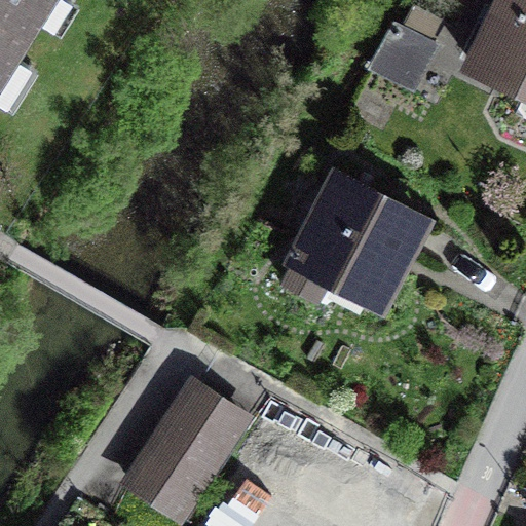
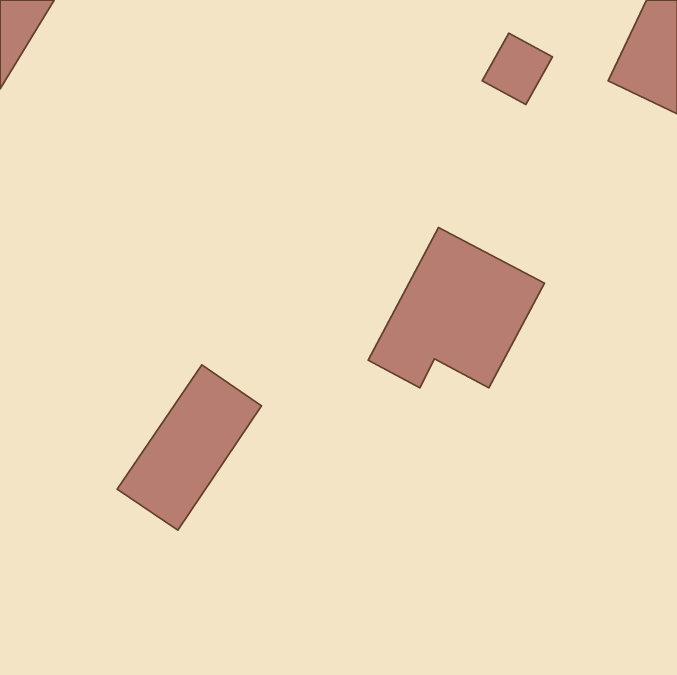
building: [132,384,243,513] -> [117,365,261,530]

